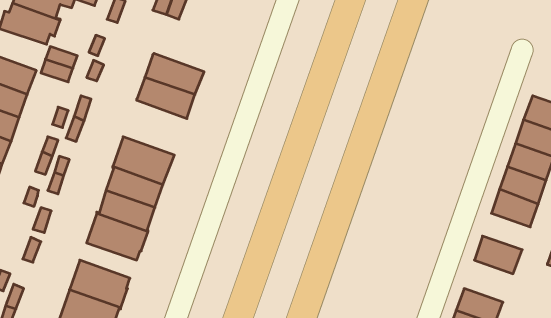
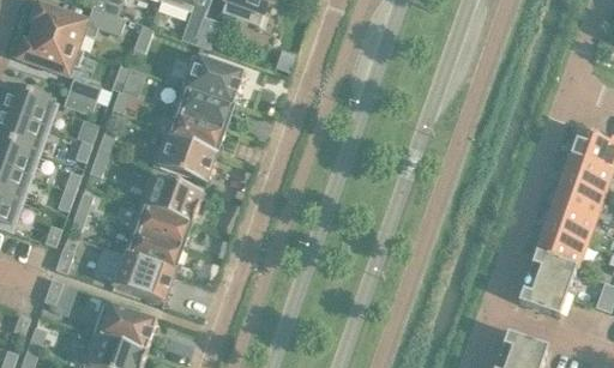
building: none -> [181,54,245,103]
building: none -> [152,133,216,182]
building: none -> [526,252,577,290]

